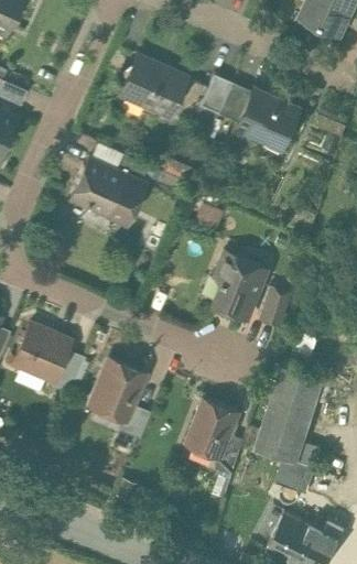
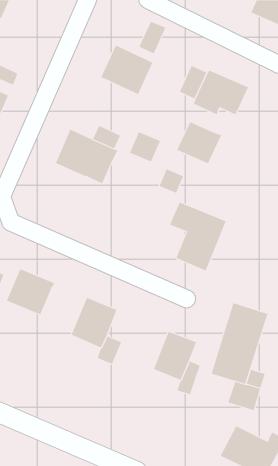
building: [198,75,231,115] -> [138,21,166,54]
building: none -> [177,121,222,164]
building: [259,289,291,328] -> none
building: [48,350,84,394] -> none

